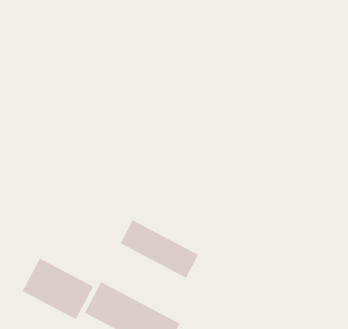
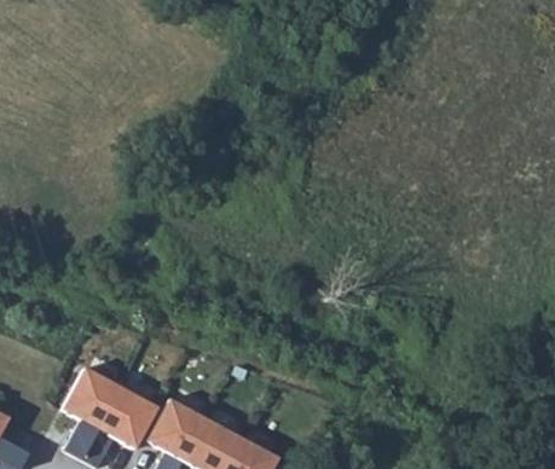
building: [120,219,199,278] -> none

